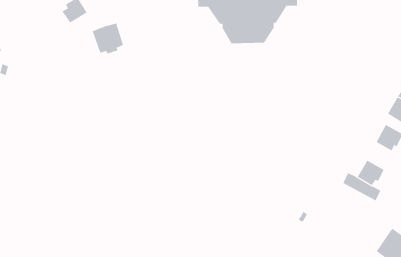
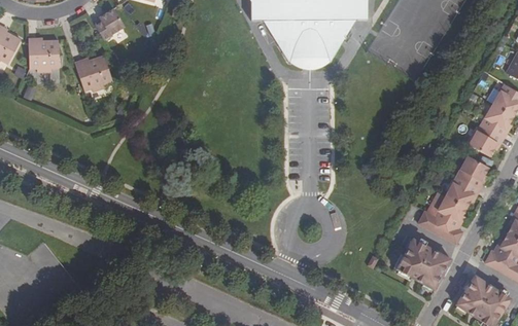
building: [92,23,124,54] -> [75,55,112,90]
building: none -> [29,39,59,71]
building: none -> [446,175,475,207]
building: none -> [395,237,451,286]

